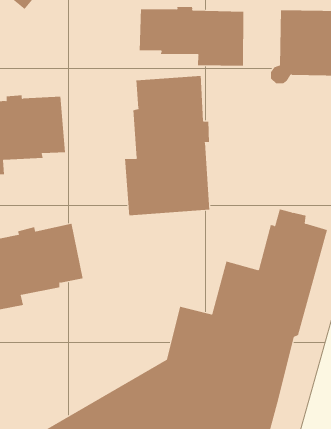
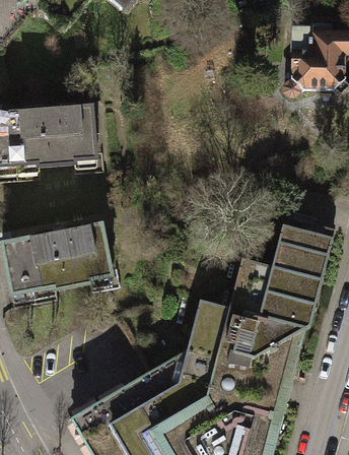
building: [139,6,244,67] -> none
building: [124,75,210,216] -> none

